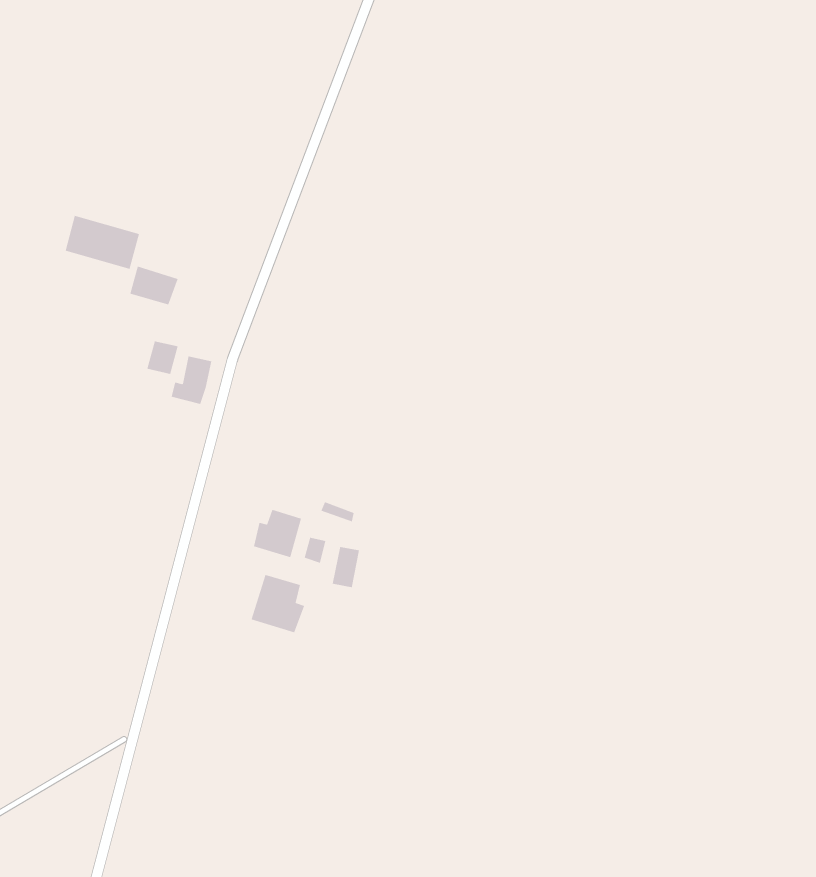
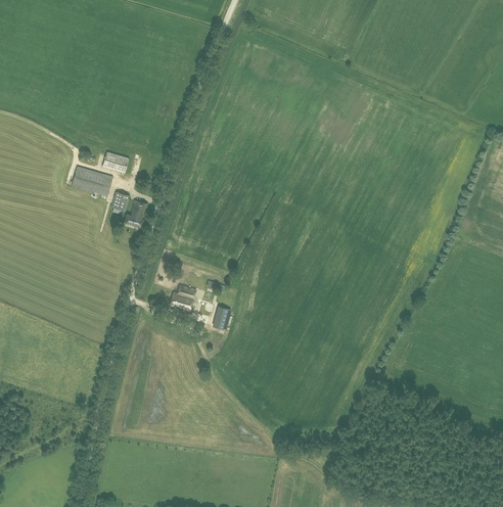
building: [65,215,140,270] -> [72,167,112,196]
building: [251,574,305,633] -> none

